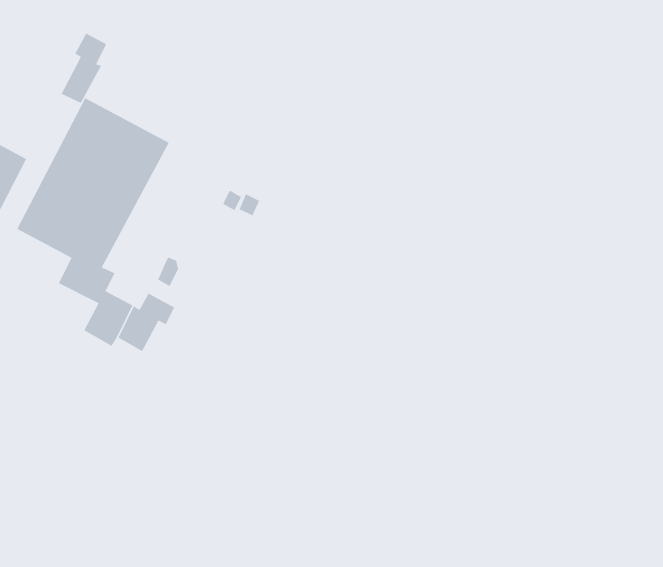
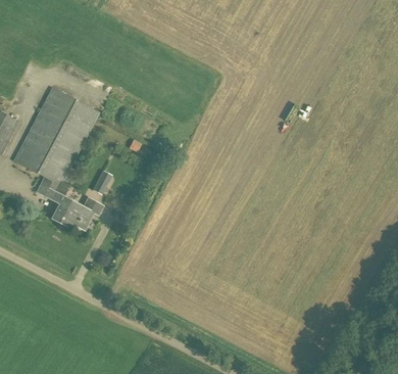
building: [60,32,107,104] -> none

